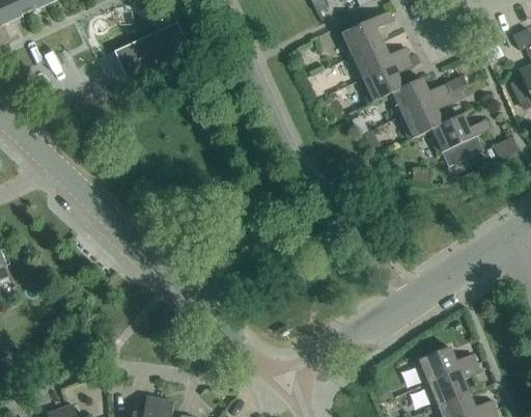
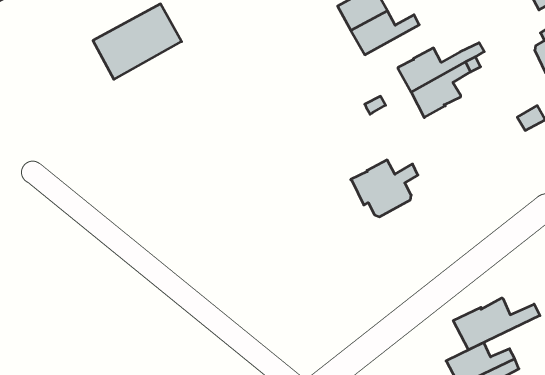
building: [360,56,415,103] -> none
building: [428,114,490,165] -> [351,160,418,217]
building: none -> [453,298,540,350]

